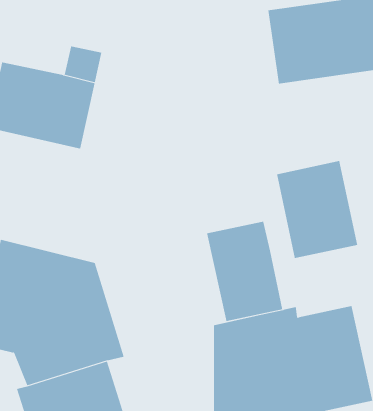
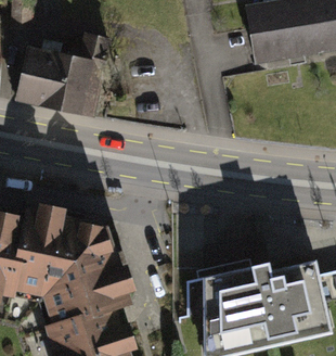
building: [276,160,358,259] -> none
building: [207,221,283,322] -> none

